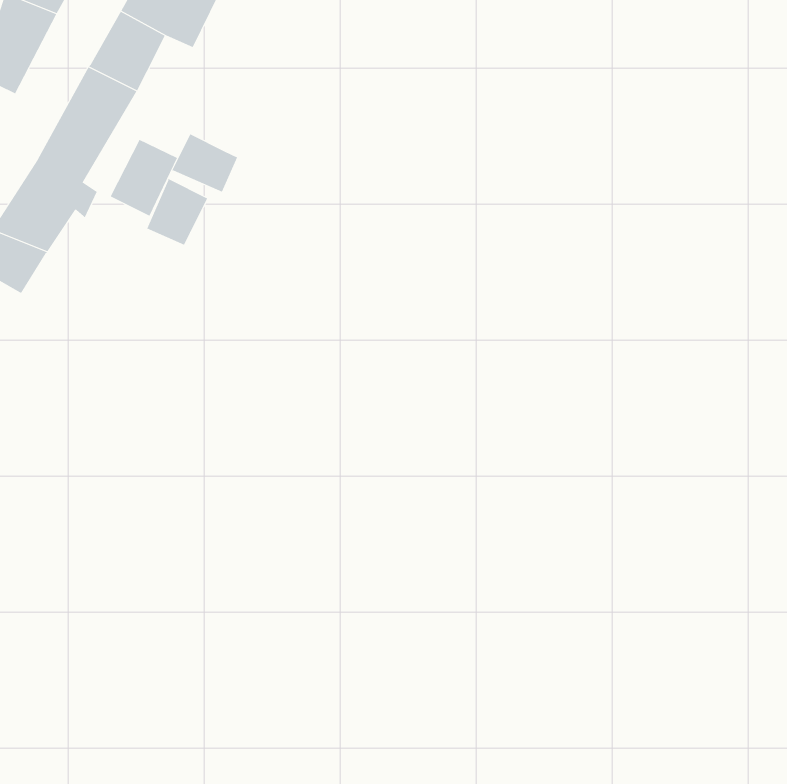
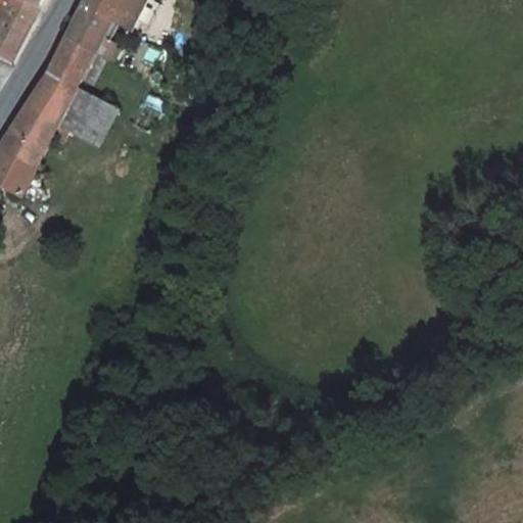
building: [172,133,238,193] -> none
building: [147,178,208,246] -> none

